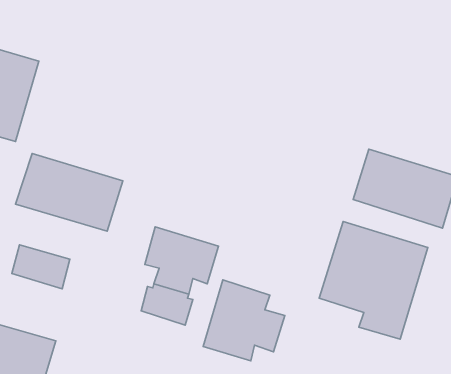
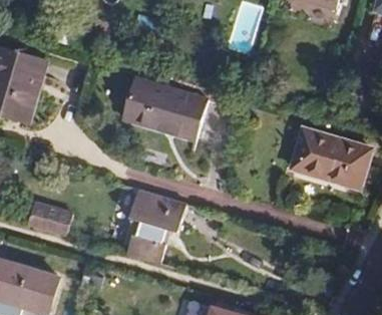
building: [15,154,123,231] -> [124,80,208,140]
building: [319,222,428,339] -> none
building: [203,280,285,361] -> none

